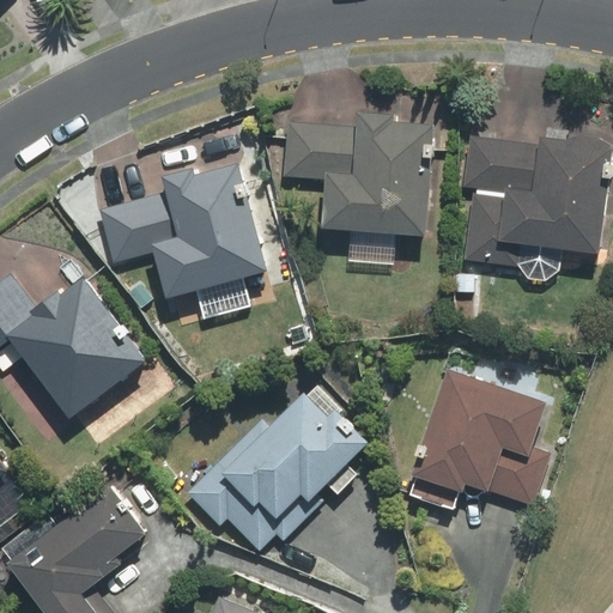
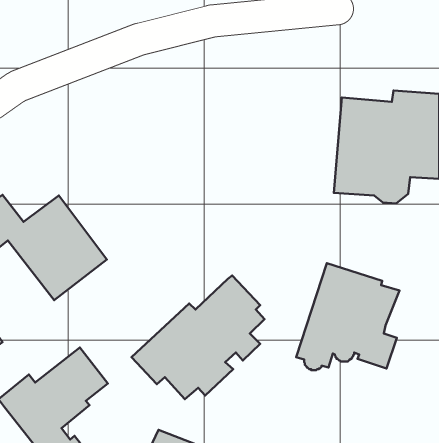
building: [278,109,435,232] -> none
building: [96,164,267,296] -> none

